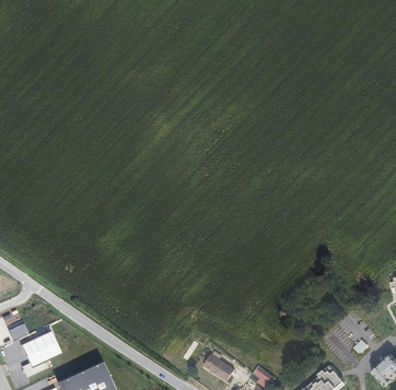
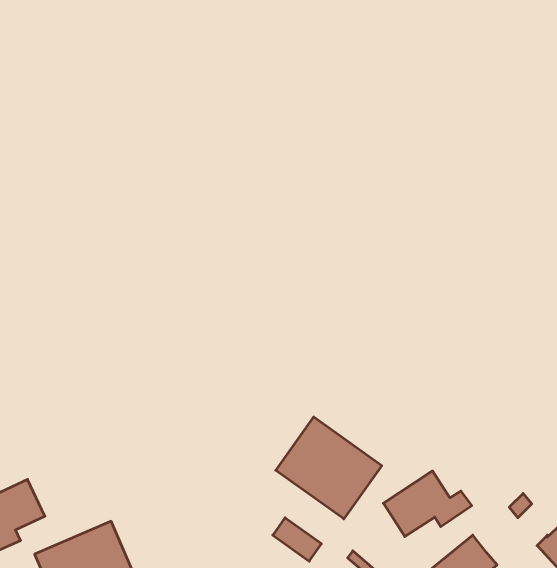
building: none -> [276,417,382,519]
building: none -> [383,471,472,537]

